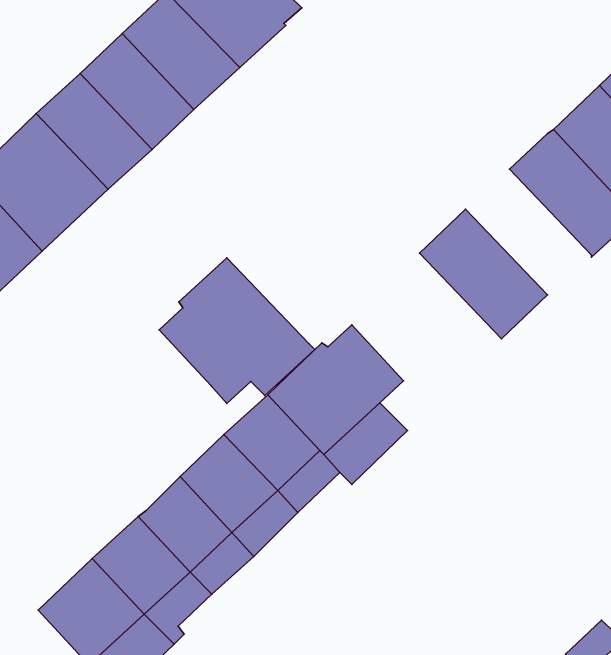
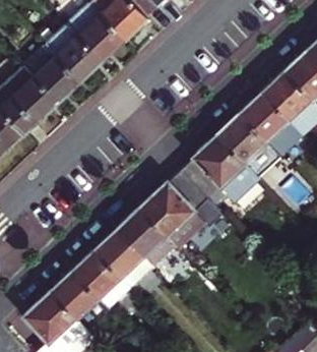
building: none -> [241,91,305,155]
building: [159,258,315,404] -> [183,133,262,208]

